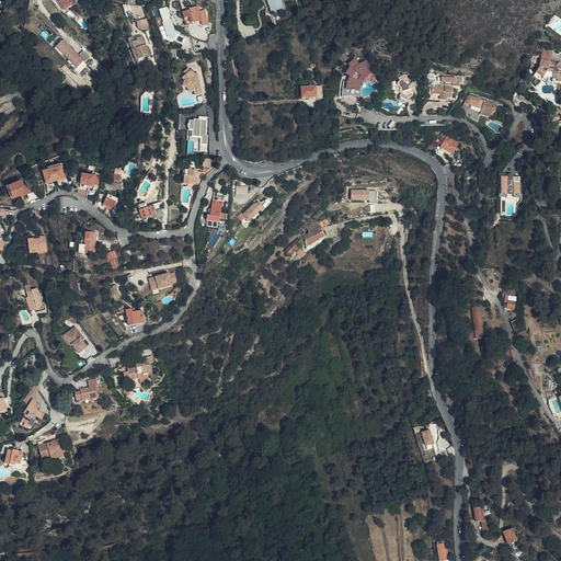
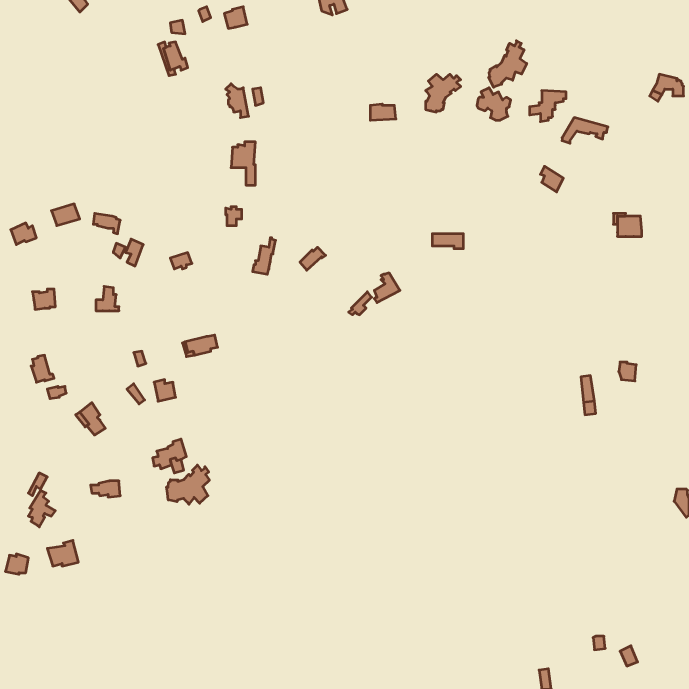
building: none -> [489,41,527,87]
building: [55,37,90,71] -> none
building: none -> [167,465,209,504]

